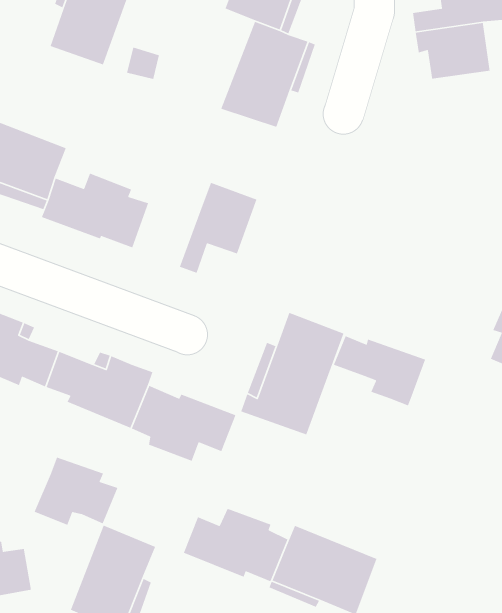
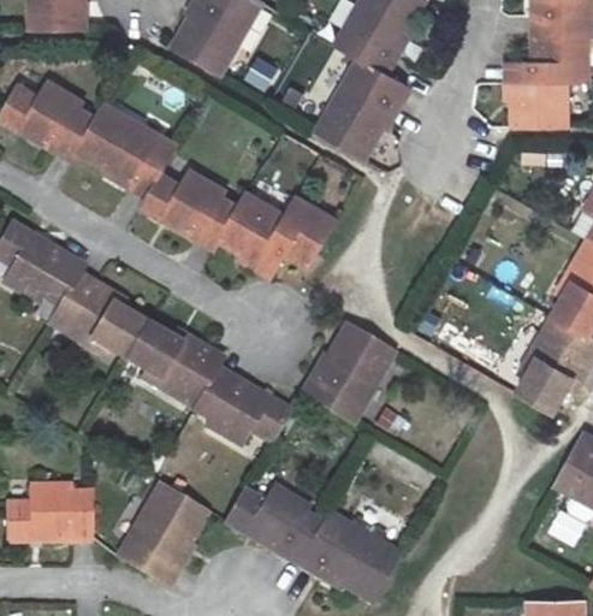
building: none -> [223,189,287,263]
building: [333,335,426,407] -> none
building: [33,456,119,526] -> none

